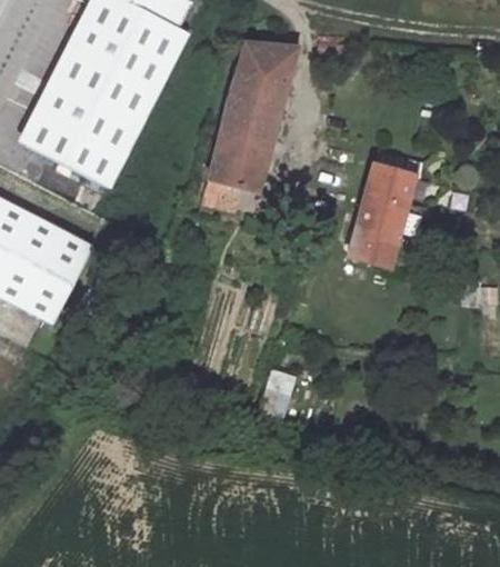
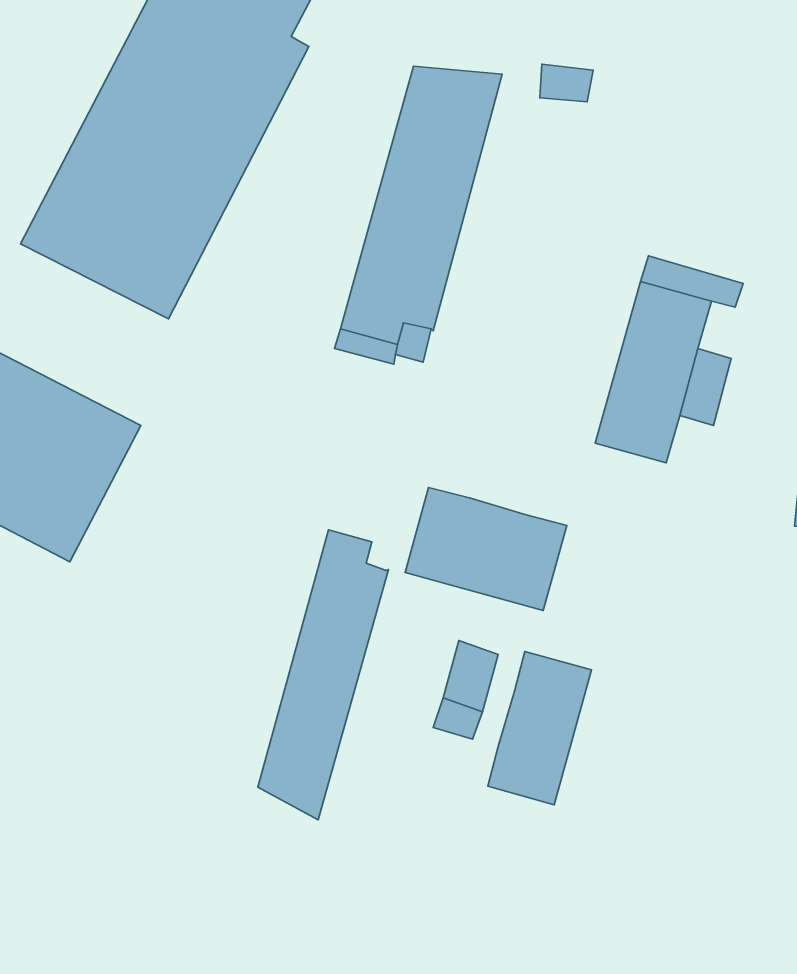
building: none -> [405,487,567,611]
building: none -> [258,530,388,820]
building: none -> [488,651,591,805]

